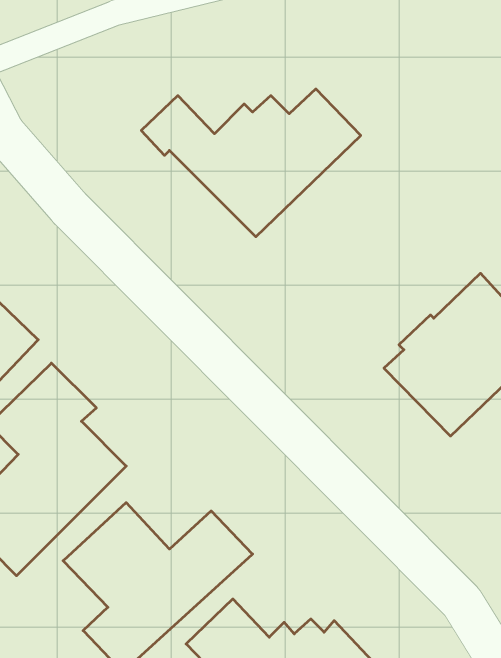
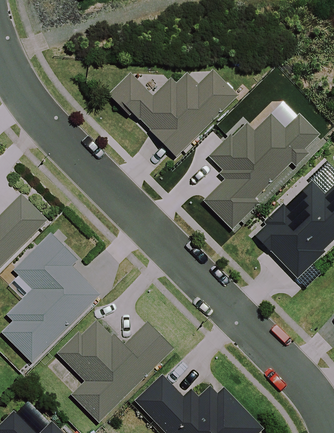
building: none -> [202,114,316,230]

